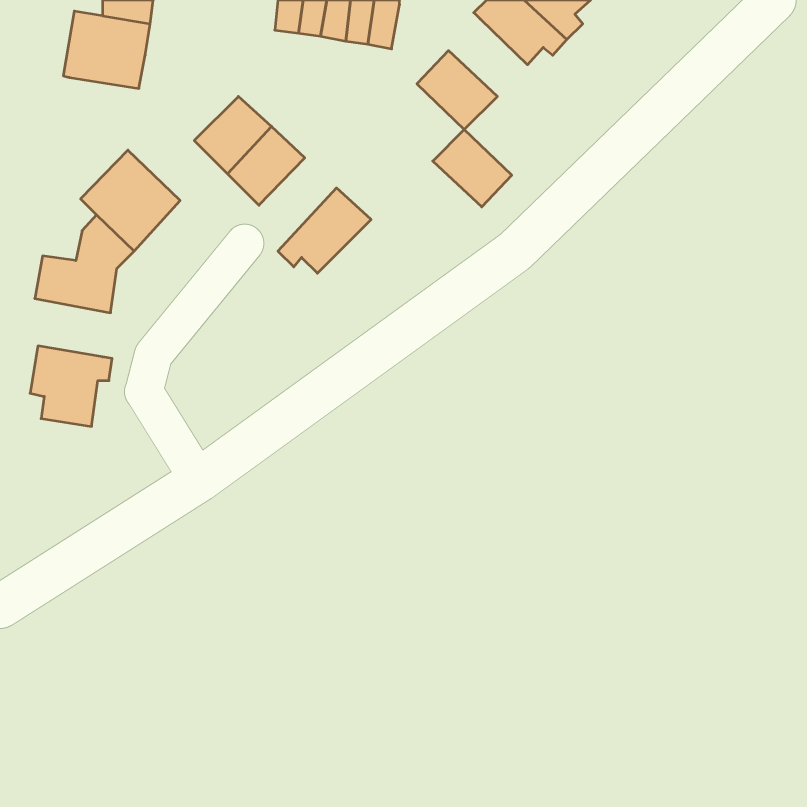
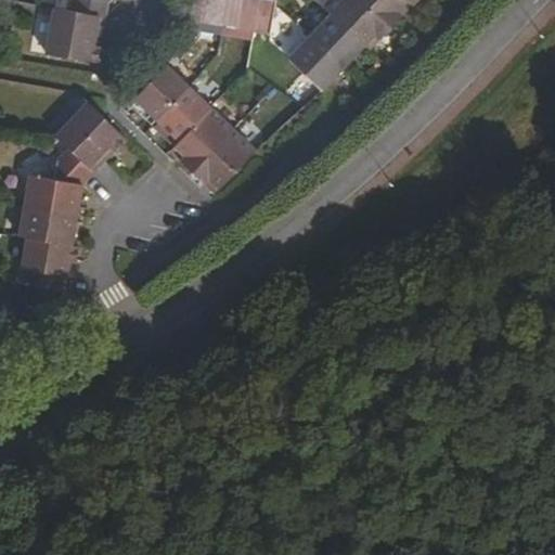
building: [433,129,512,207] -> [308,13,362,66]
building: none -> [175,108,231,172]
building: none -> [18,205,76,245]

